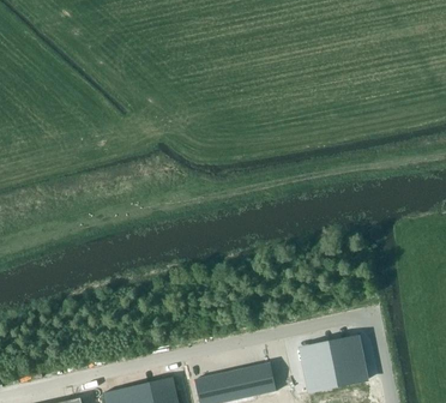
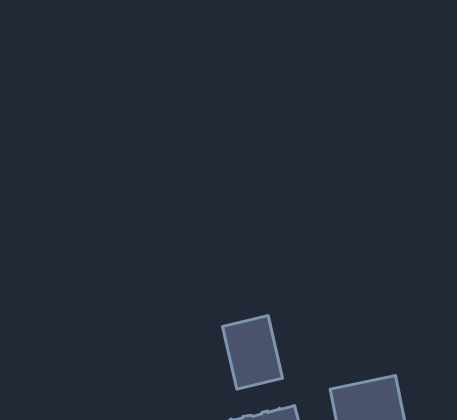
building: none -> [222,316,283,389]

